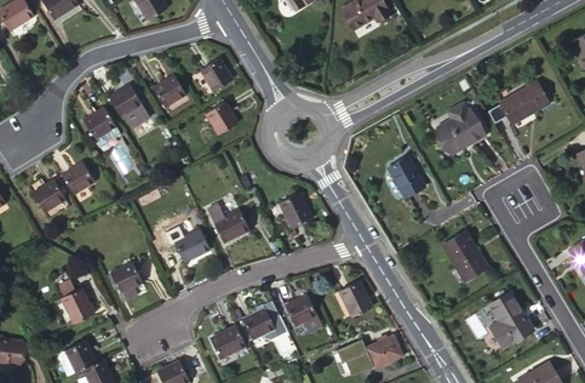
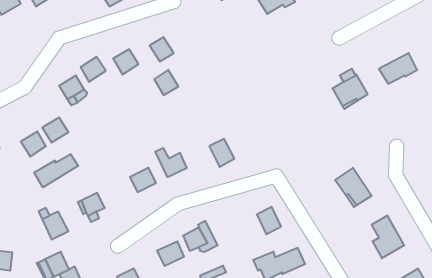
building: [386,156,424,198] -> none
building: none -> [34,154,78,187]
building: [285,295,322,331] -> none

